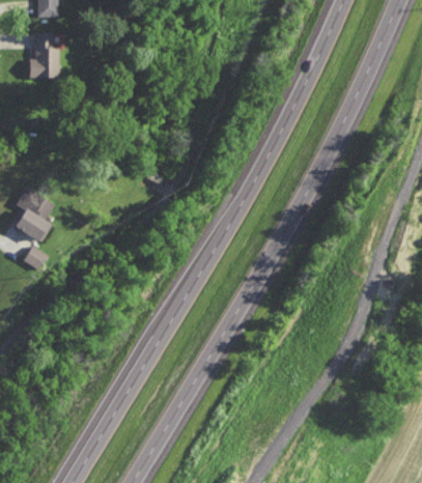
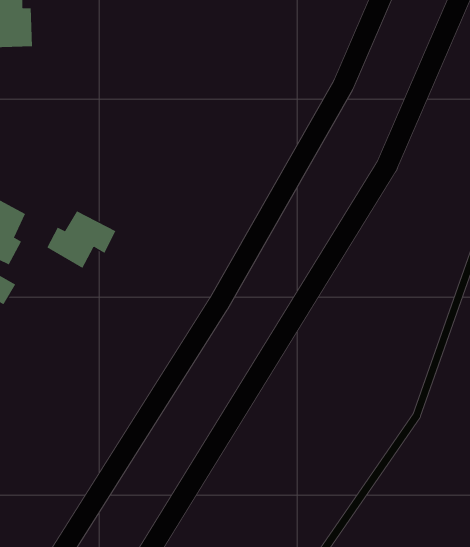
building: none -> [46,210,116,269]

